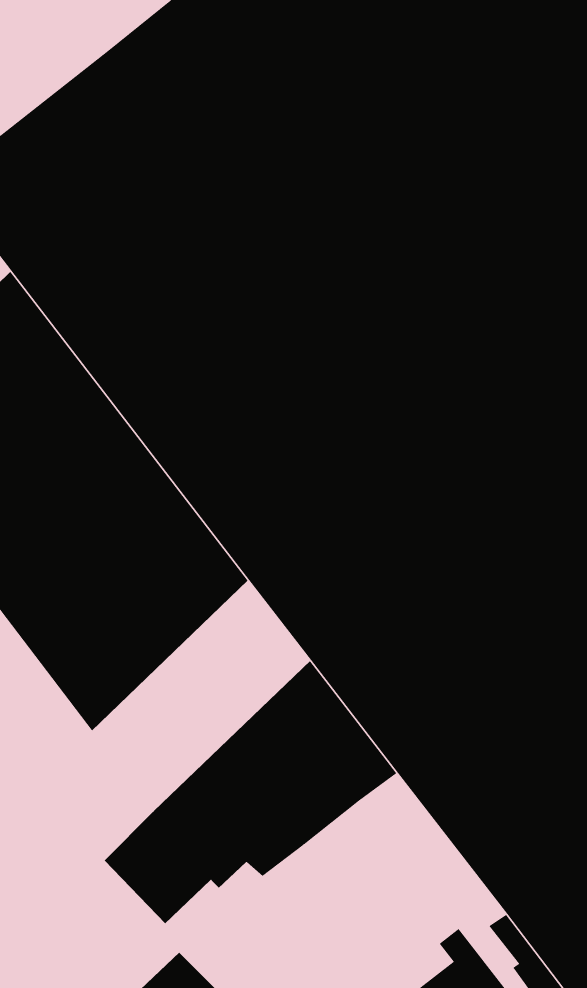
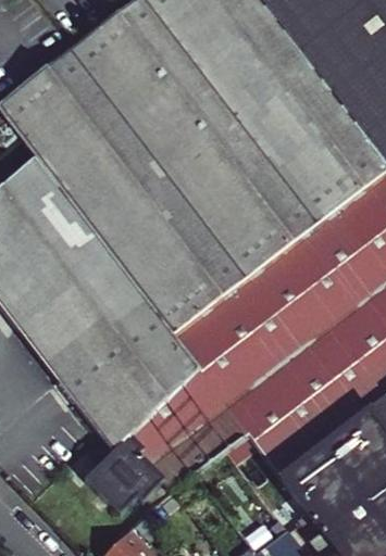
building: none -> [78,324,198,450]

